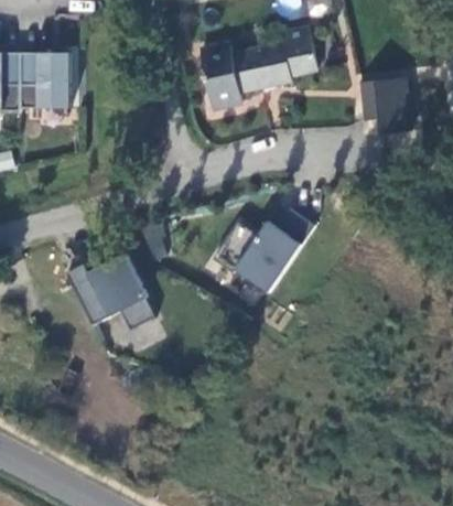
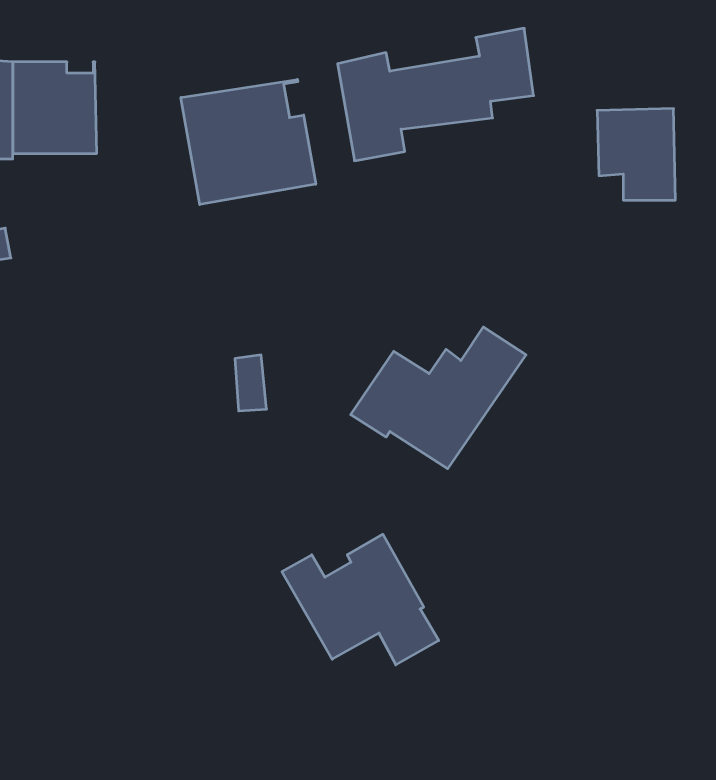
building: none -> [181,79,316,205]
building: [65,252,158,330] -> [282,534,439,665]

